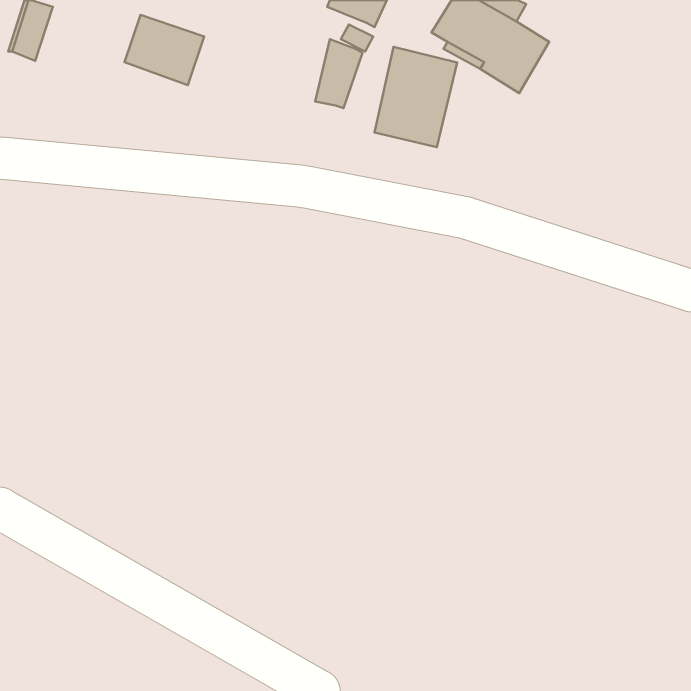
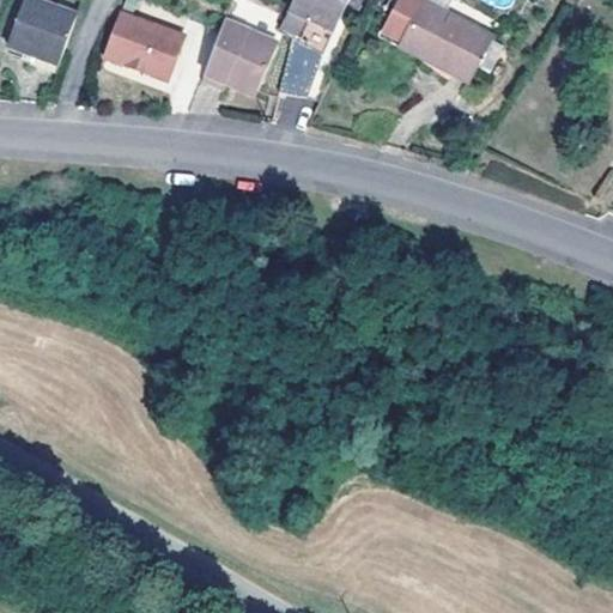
building: none -> [31,6,74,62]
building: none -> [204,18,275,87]
building: [375,47,457,147] -> none

